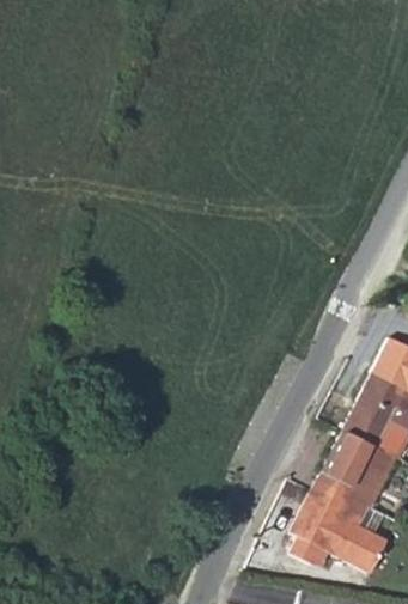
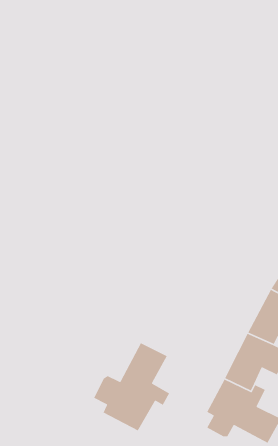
building: none -> [93,342,170,432]

